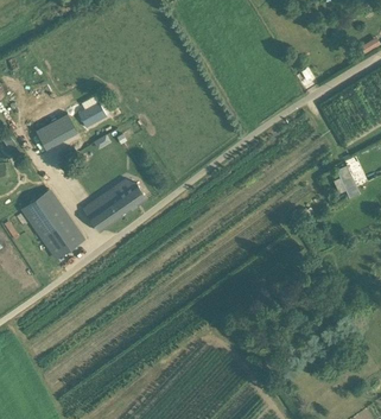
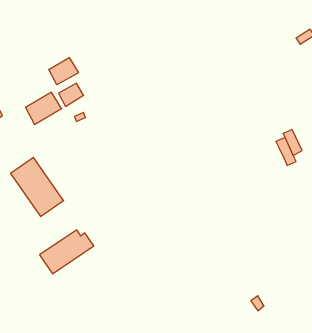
building: none -> [49,58,79,85]
building: [82,179,146,231] -> [40,230,94,274]

